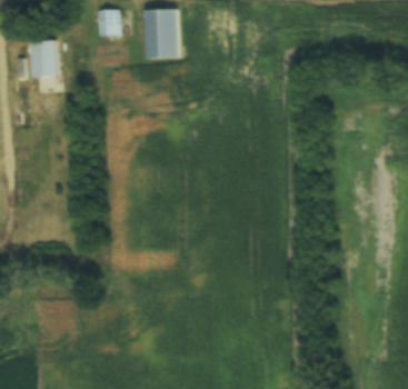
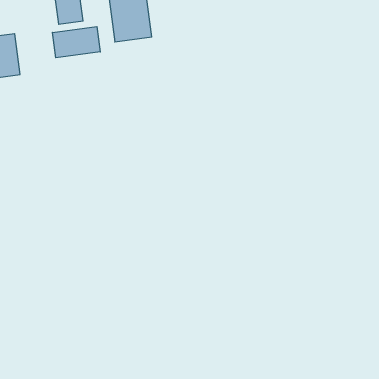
building: none -> [52,27,100,58]

